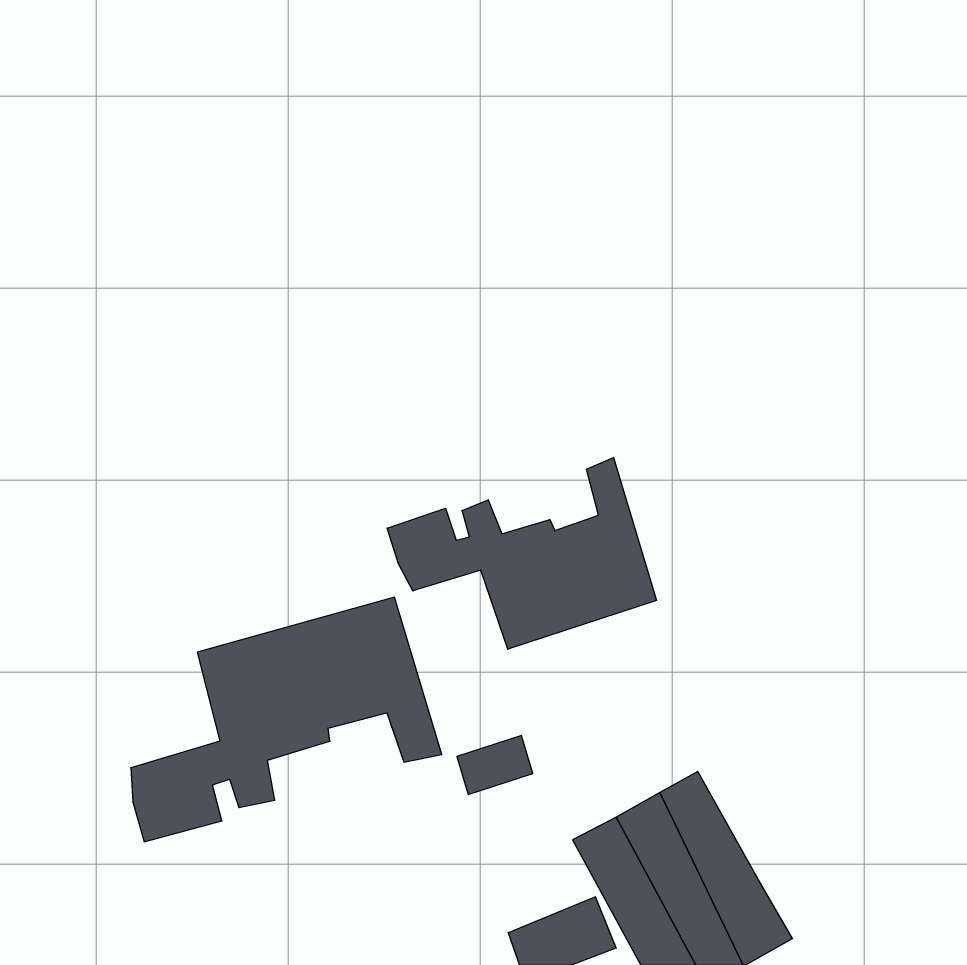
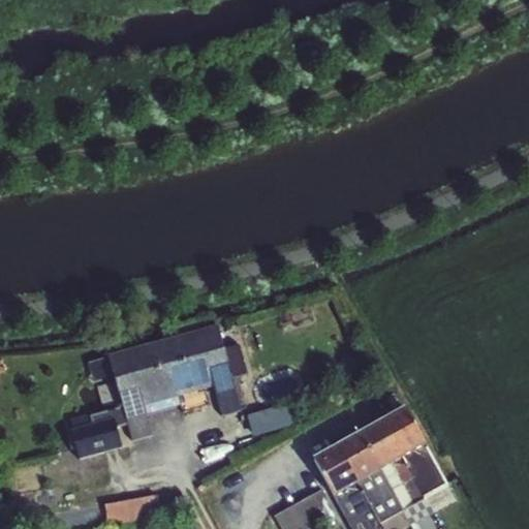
building: [387,458,657,649] -> none
building: none -> [380,407,427,479]
building: none -> [106,491,163,522]

